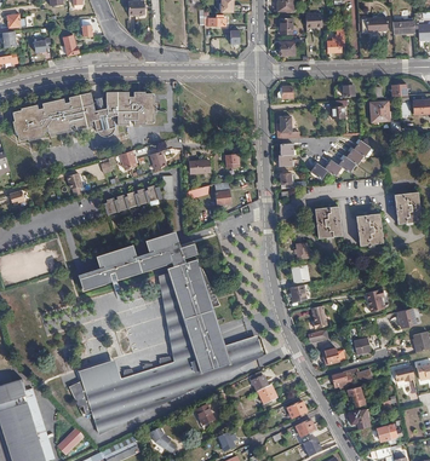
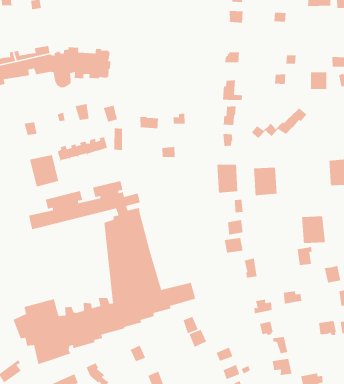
building: none -> [216,164,238,193]
building: none -> [29,154,59,188]
building: [356,213,384,244] -> [301,216,326,244]

